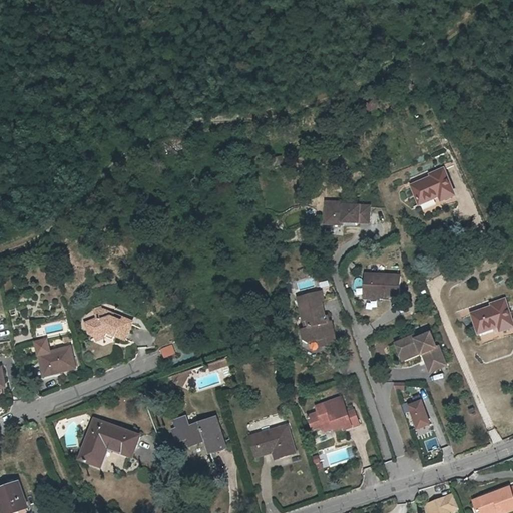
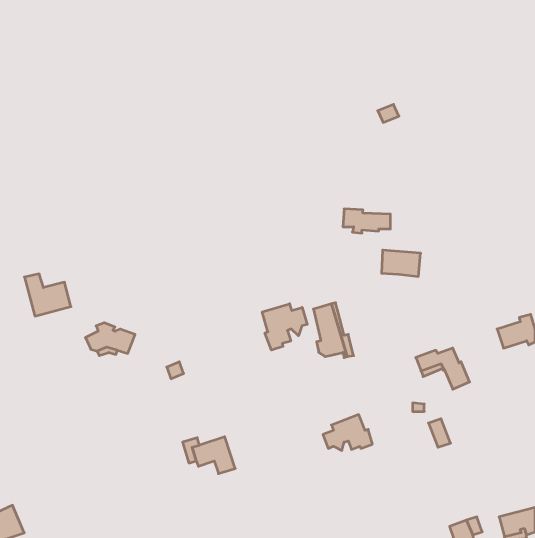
building: [412,169,454,204] -> none
building: [364,271,401,296] -> [382,250,421,276]
building: none -> [262,304,307,350]
building: [28,338,72,378] -> [24,274,71,316]
building: [77,421,138,467] -> none
building: [246,426,293,459] -> none

